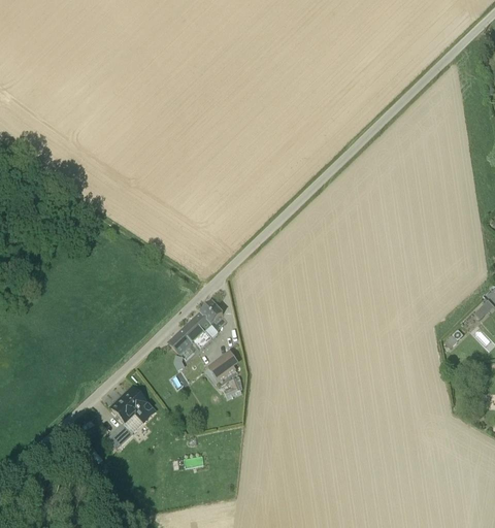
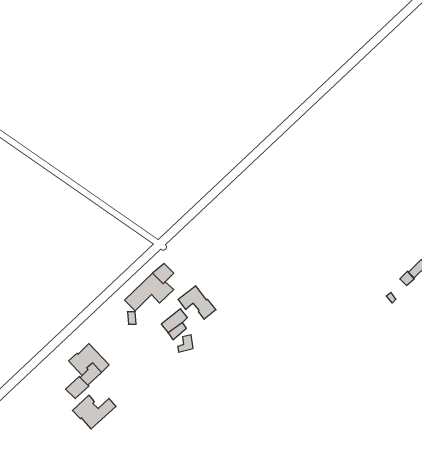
building: none -> [178,286,216,319]
building: none -> [72,395,116,429]

